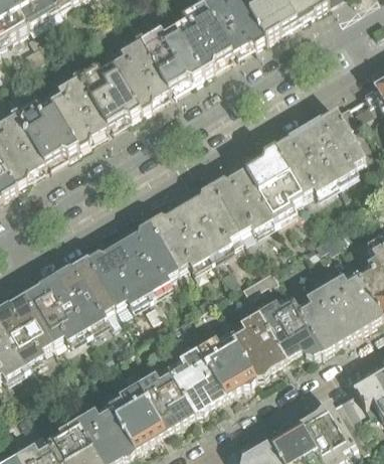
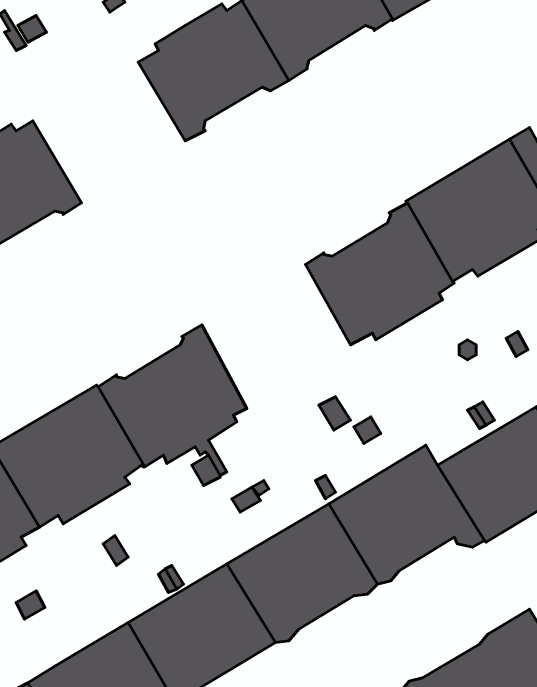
building: [47,60,139,148] -> none
building: [149,185,238,272] -> none

